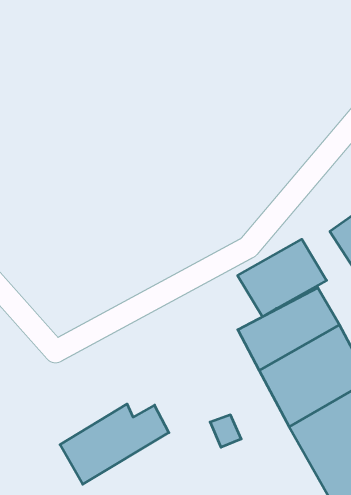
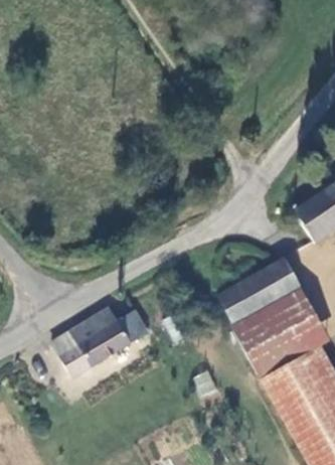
building: [238,239,327,317] -> none
building: [60,404,169,484] -> [54,308,146,375]

